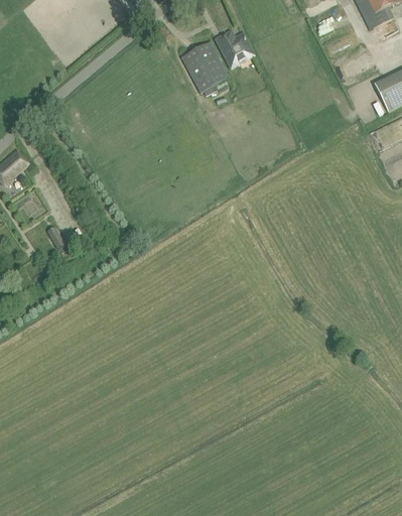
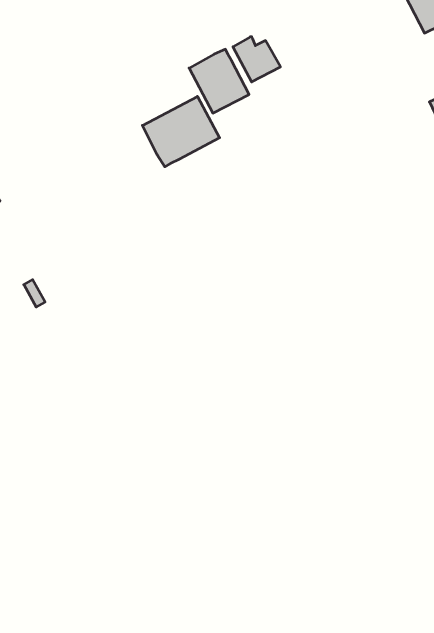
building: none -> [142,96,220,167]

